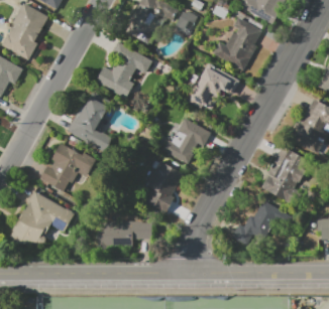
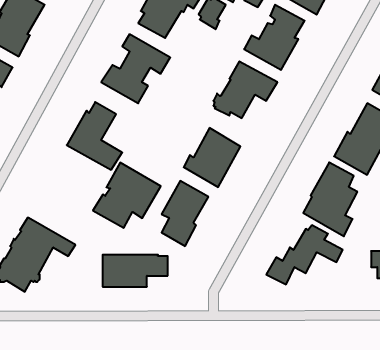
building: [40,139,96,192] -> [93,163,161,228]

